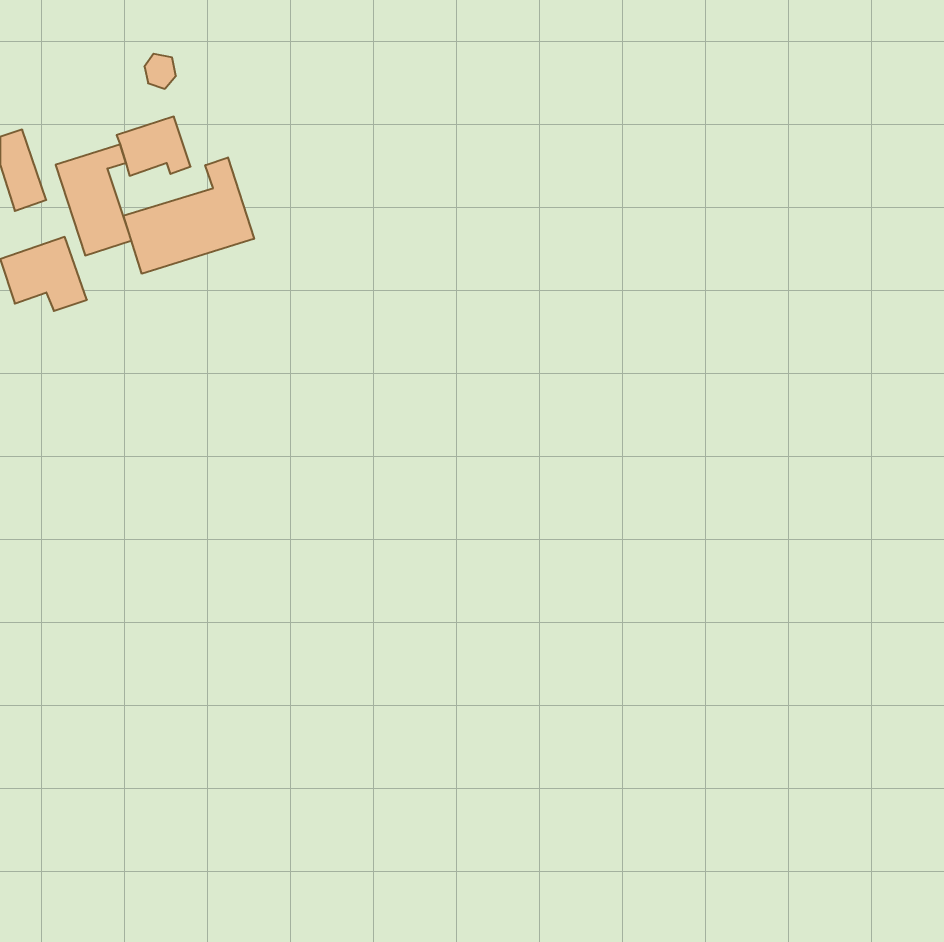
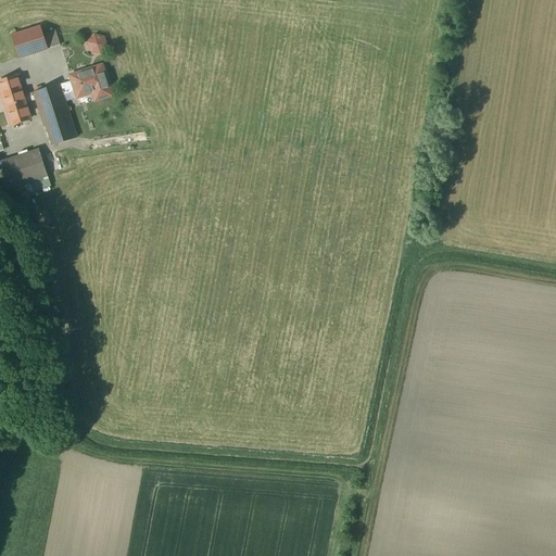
building: none -> [9,25,58,58]
building: [123,157,254,274] -> none

